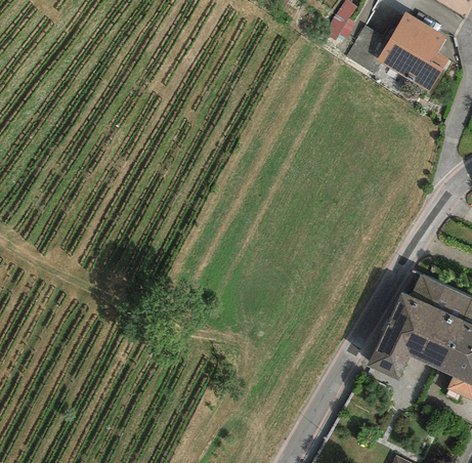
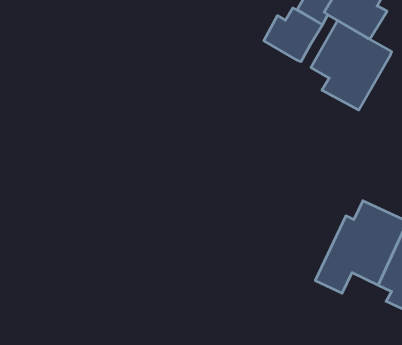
building: none -> [264,8,322,62]
building: none -> [311,20,392,110]

